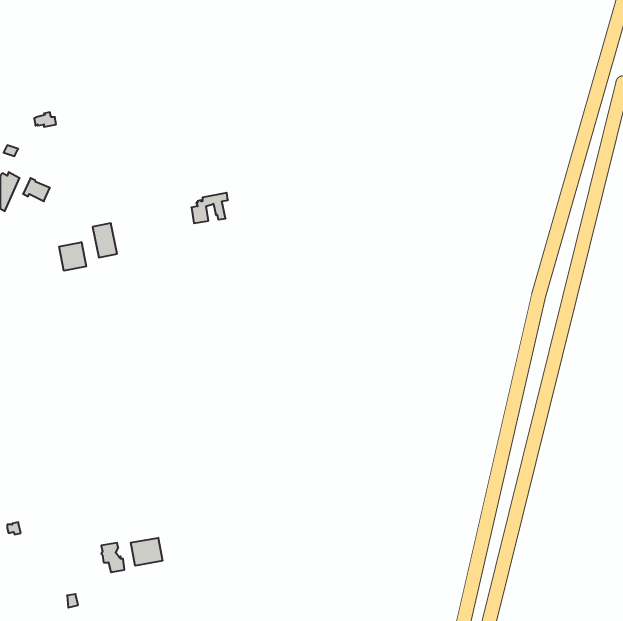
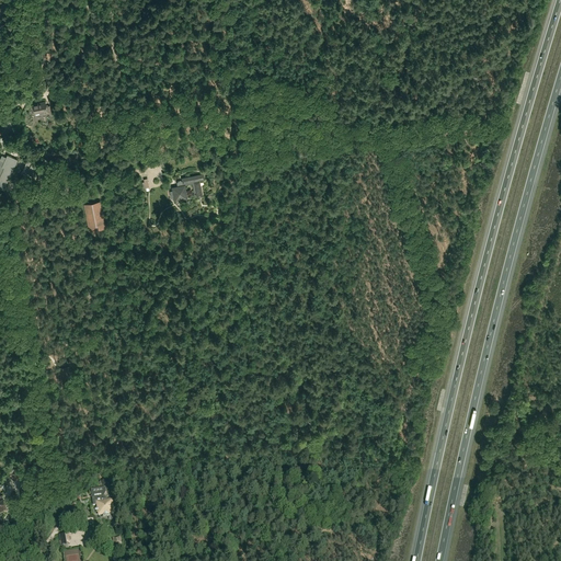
building: [59,242,86,271] -> none
building: [131,538,162,566] -> none

